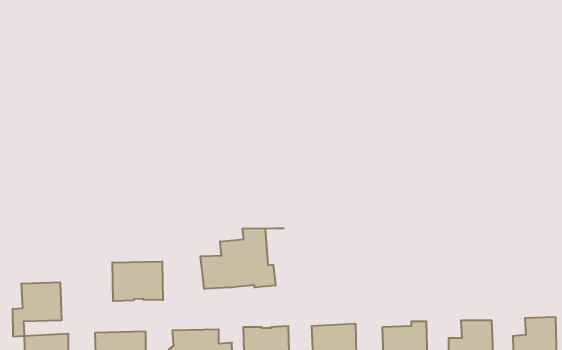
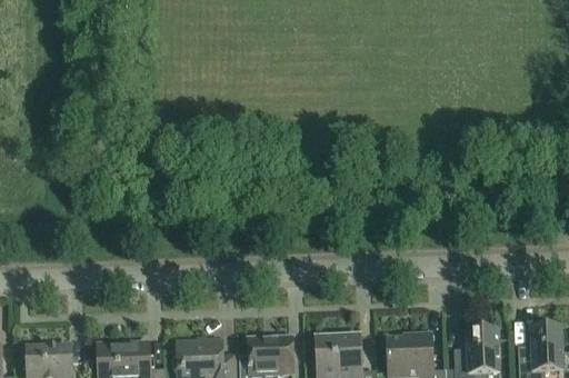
building: [201,228,284,289] -> none
building: [112,261,163,301] -> none
building: [13,282,61,337] -> none

